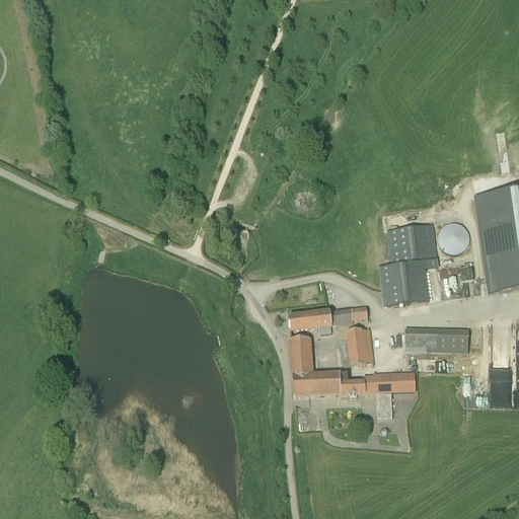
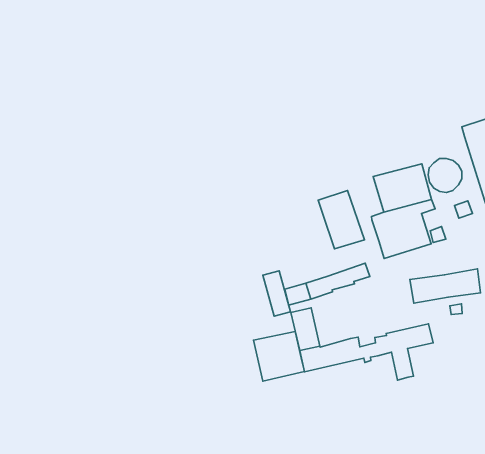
building: none -> [318,190,364,249]
building: none -> [263,271,290,316]
building: [346,325,383,364] -> none
building: none -> [253,331,304,381]

